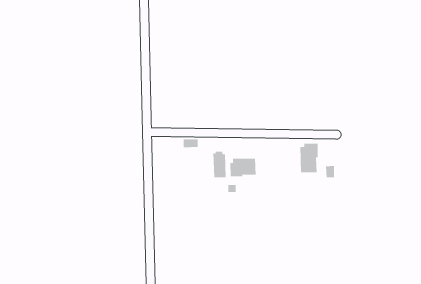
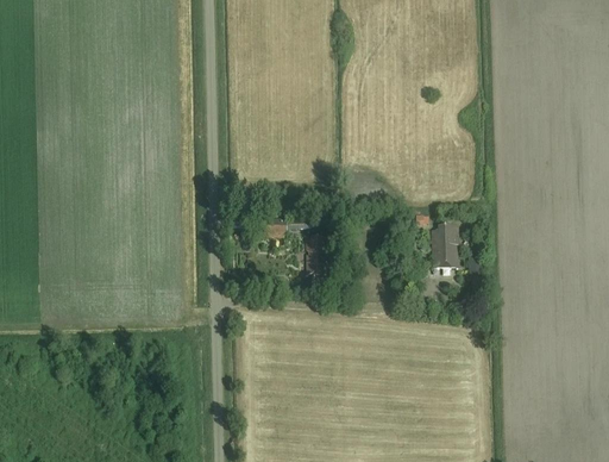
building: [230,158,256,177] -> none

